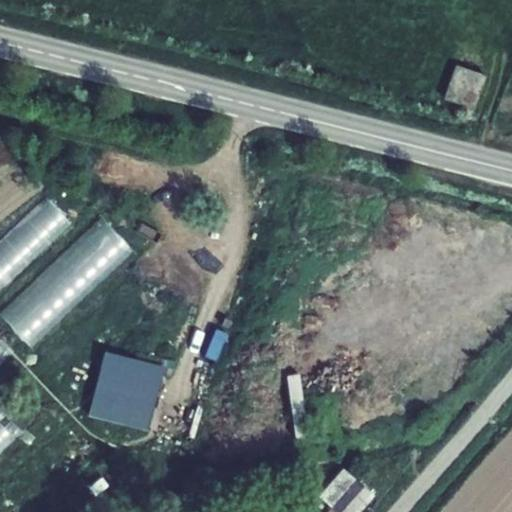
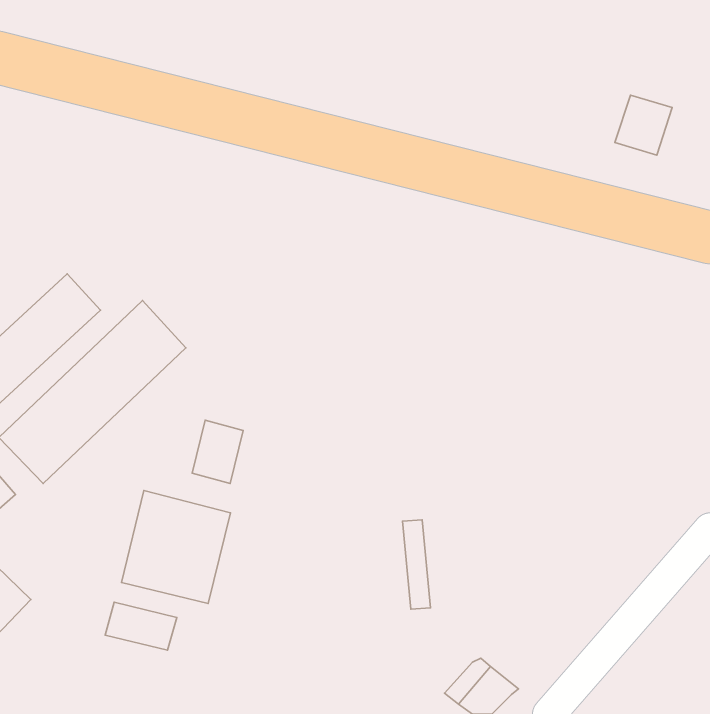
building: none -> [192,420,243,483]
building: none -> [105,602,177,650]

